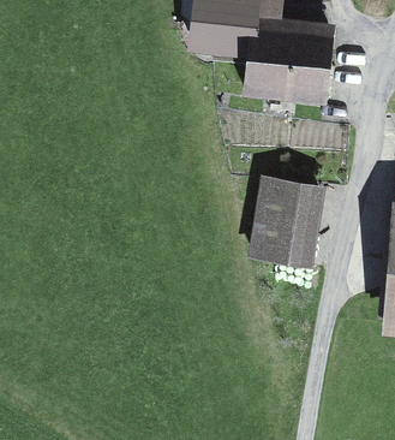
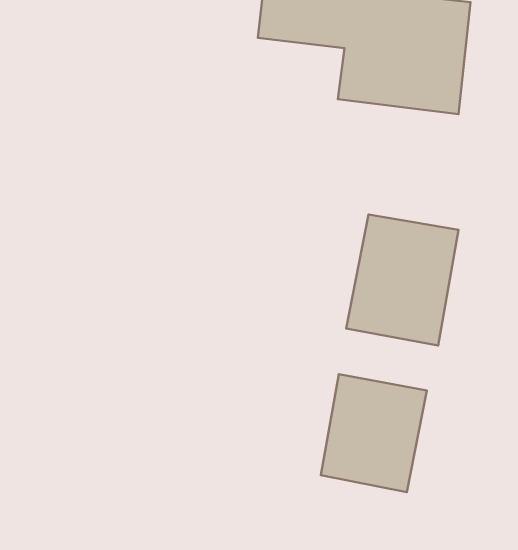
building: none -> [321,374,427,492]

